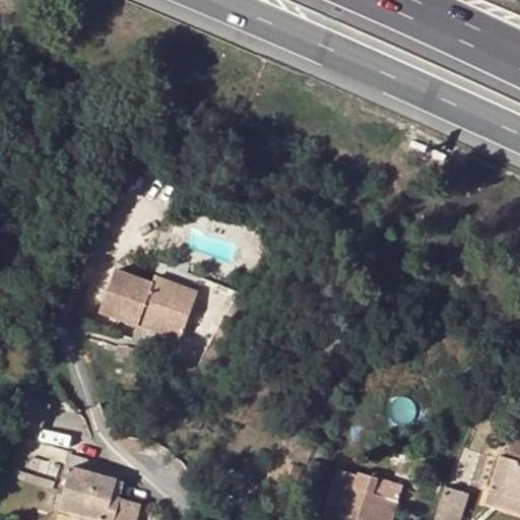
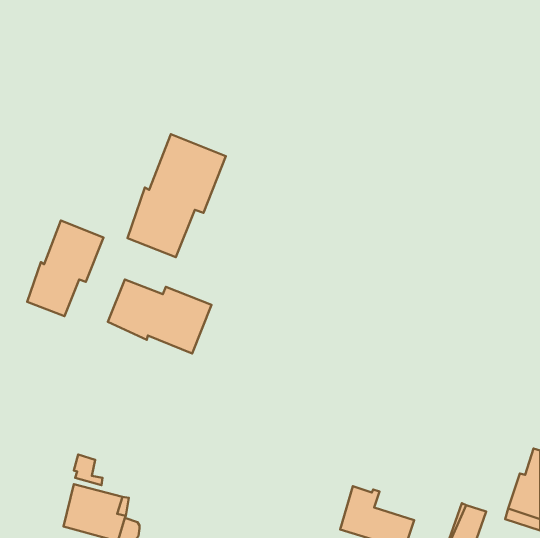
building: none -> [128,134,226,257]
building: none -> [27,221,104,316]

